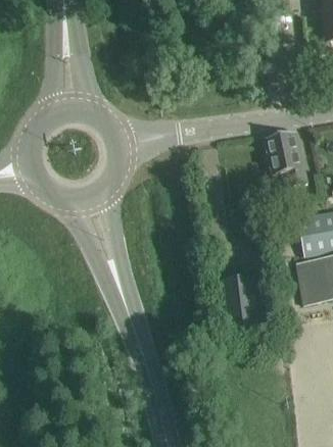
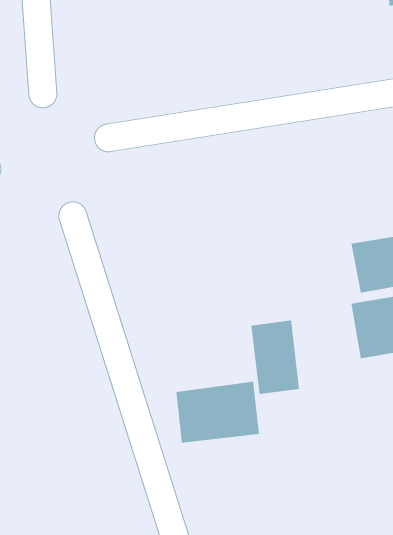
building: [265,130,307,186] -> none
building: none -> [176,381,260,444]

